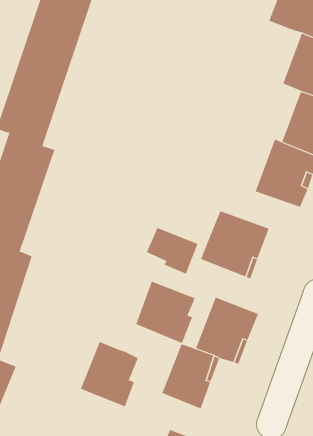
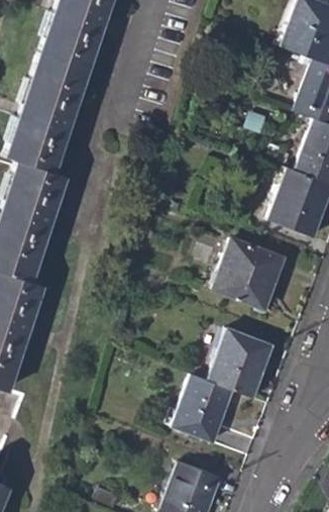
building: [146,227,198,275] -> none
building: [135,281,195,344] -> none
building: [80,341,139,407] -> none

